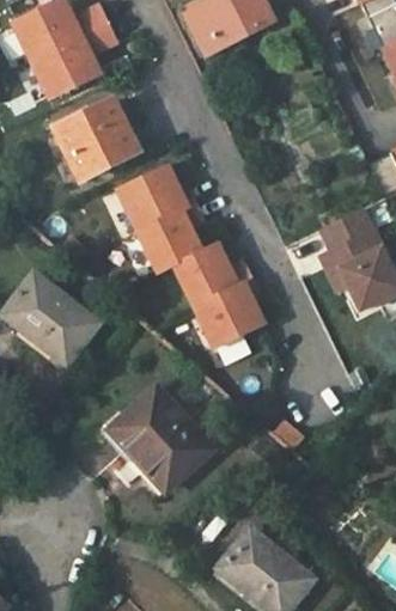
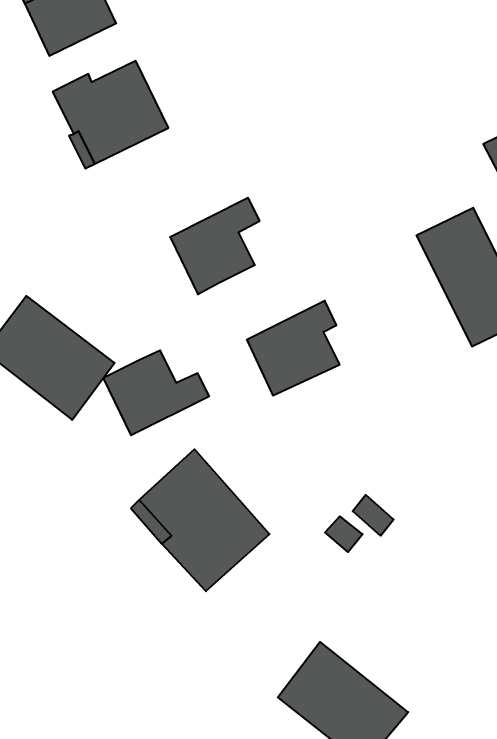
building: [117,165,196,231] -> none
building: [175,244,252,306] -> [103,350,209,435]

